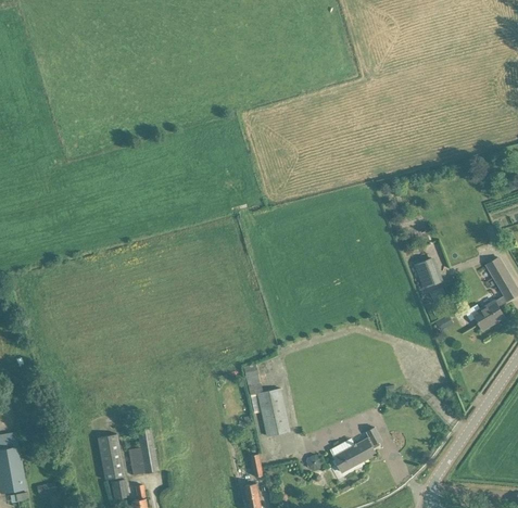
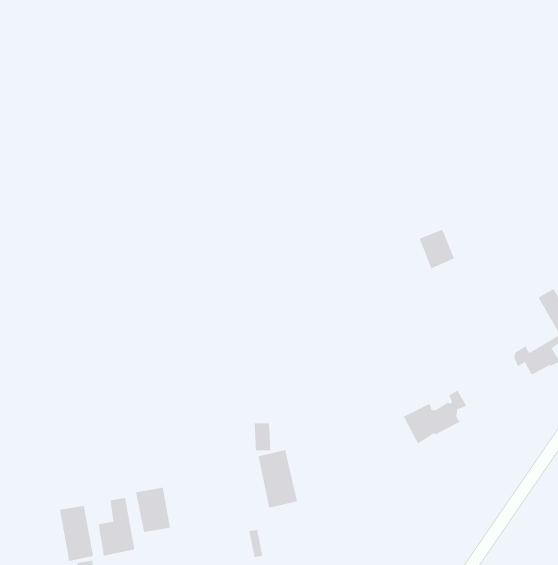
building: [414,257,443,290] -> [419,229,455,269]
building: none -> [135,487,171,533]
building: [329,428,381,472] -> [403,390,467,445]

